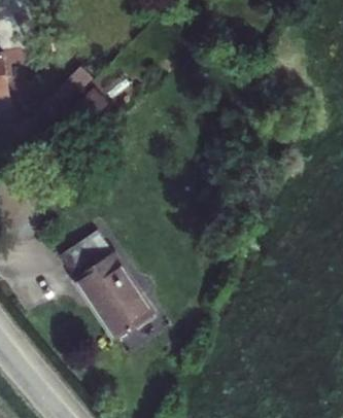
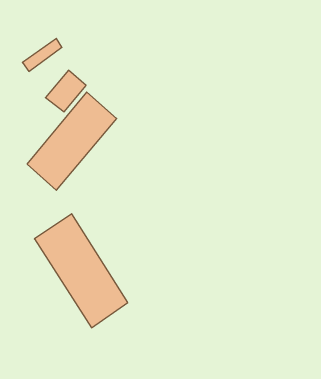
building: none -> [27,92,117,190]

